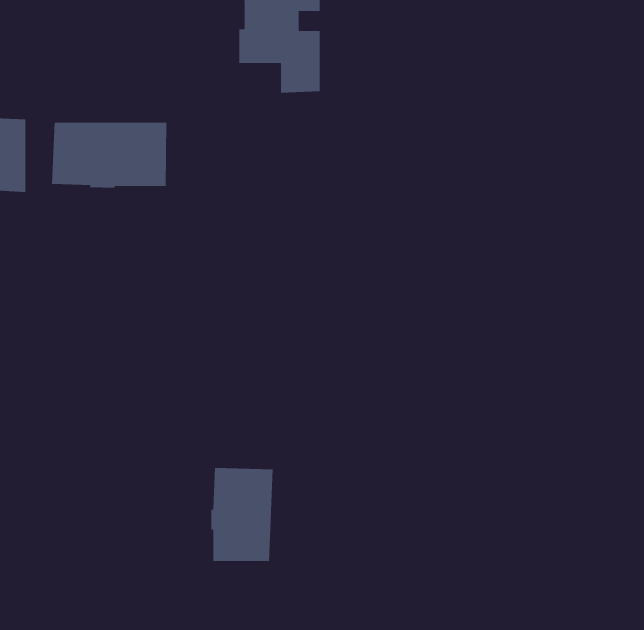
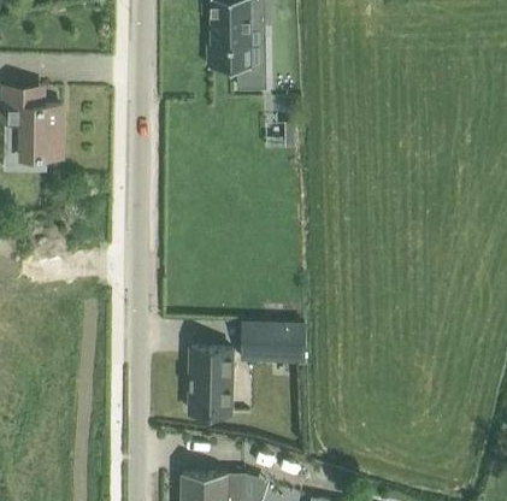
building: [52,122,167,189] -> none
building: none -> [241,324,305,361]

